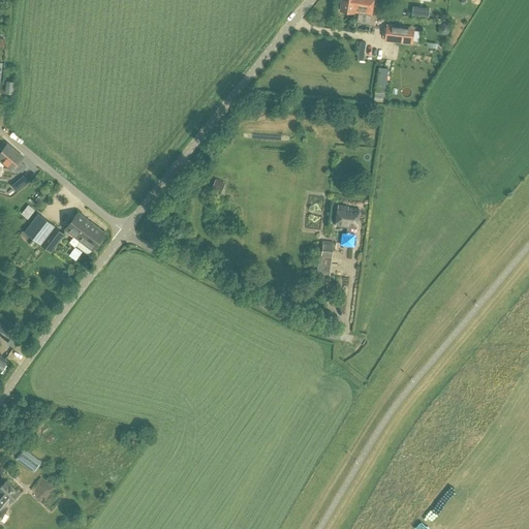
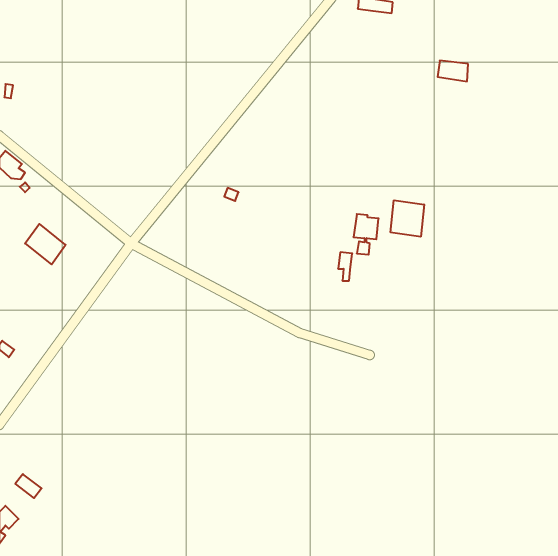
building: [383,25,412,44] -> [438,61,468,81]
building: none -> [391,200,424,237]
building: [65,212,103,253] -> none

